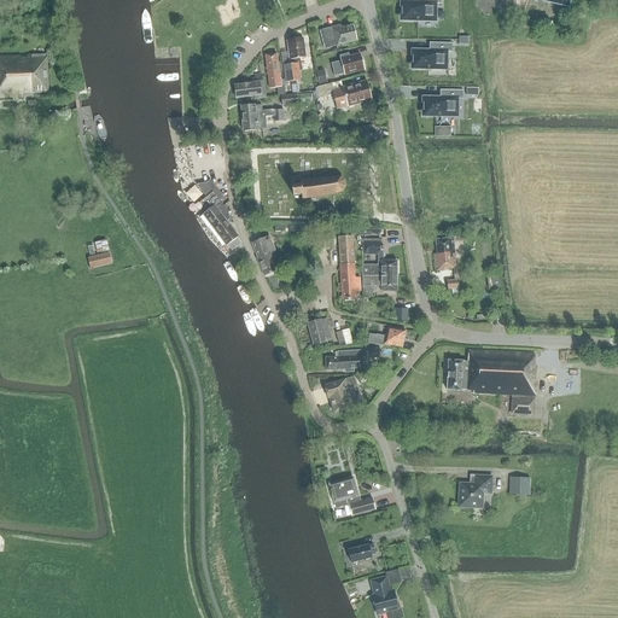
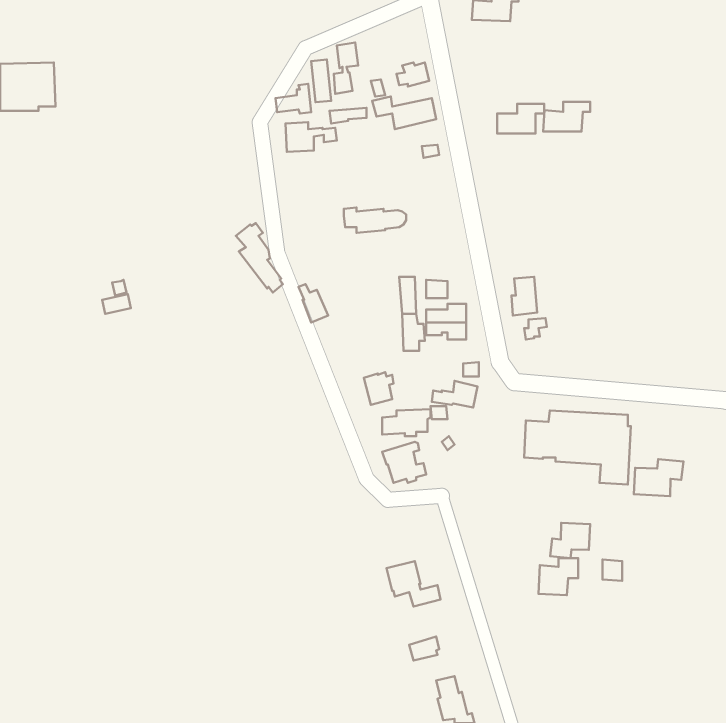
building: [320,23,356,47] -> none
building: [412,41,451,66] -> [543,102,590,132]
building: none -> [634,459,684,496]
building: none -> [550,523,590,558]

